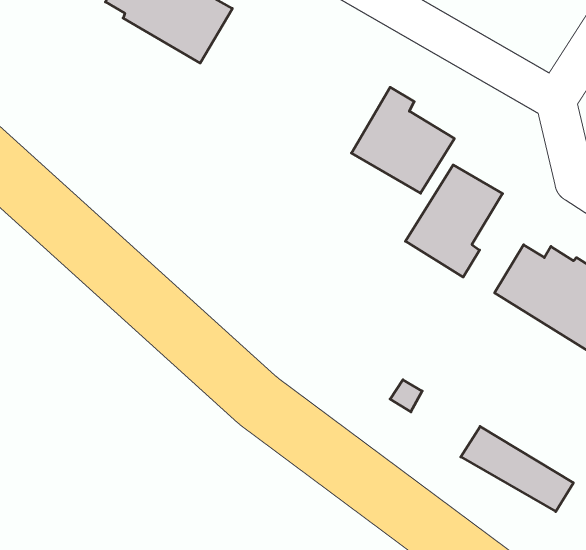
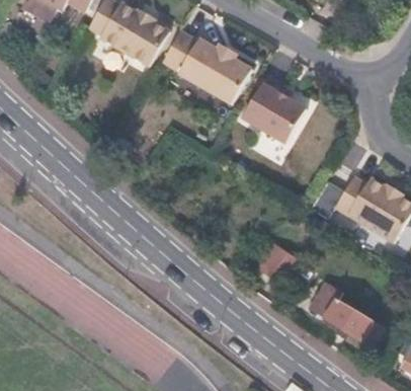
building: none -> [160,27,249,101]
building: [405,165,503,277] -> none

